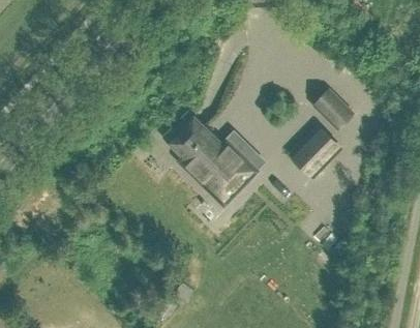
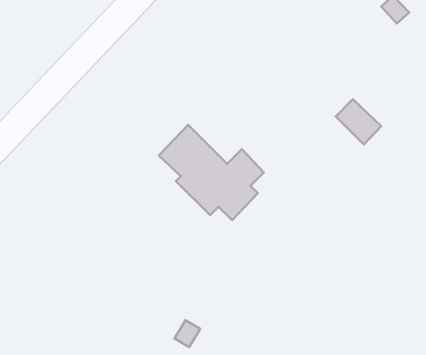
building: [293,128,341,177] -> none

